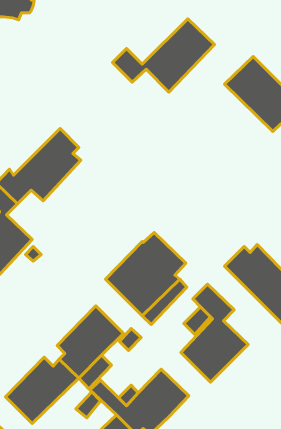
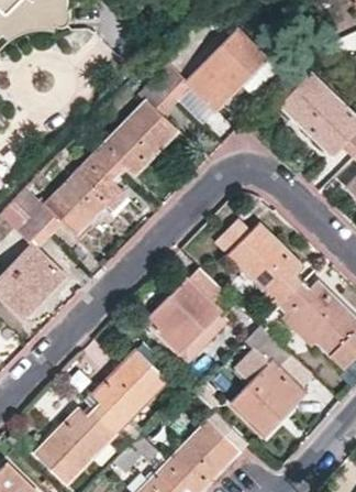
building: none -> [97,79,177,175]
building: none -> [214,219,301,306]

